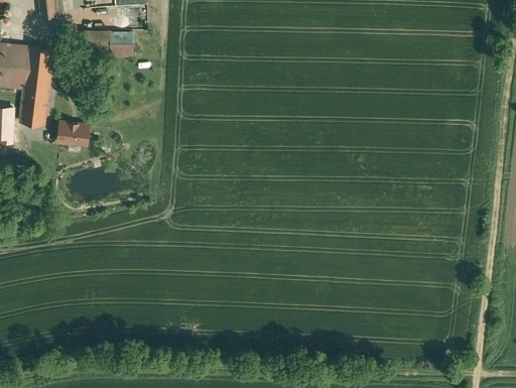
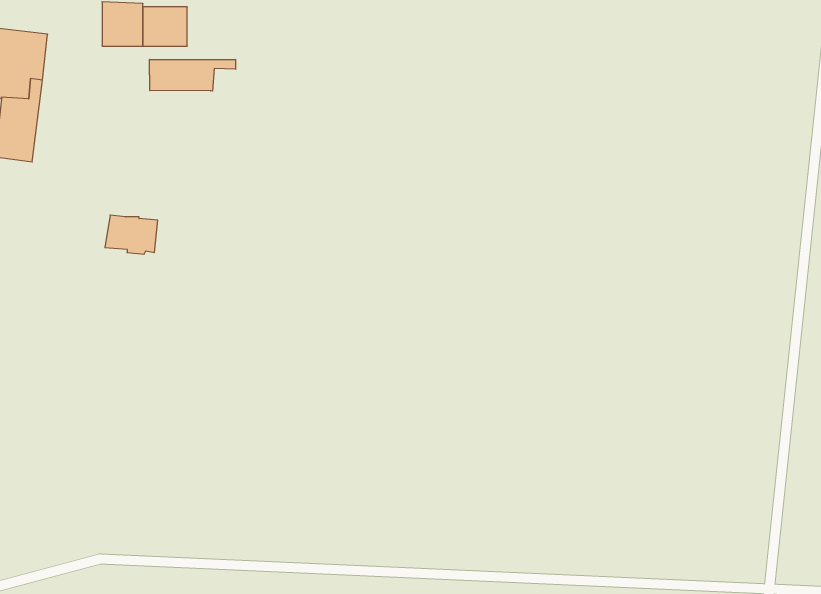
building: none -> [150,59,236,91]
building: [57,122,89,145] -> [105,215,158,254]

